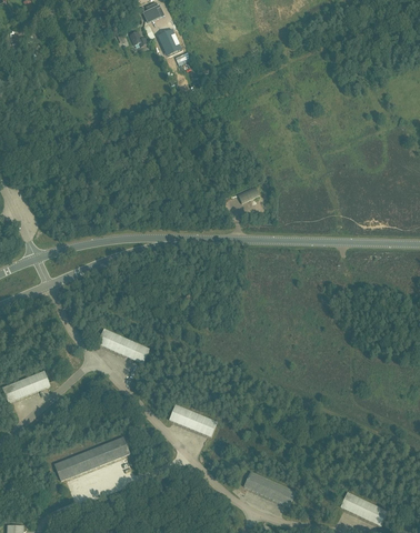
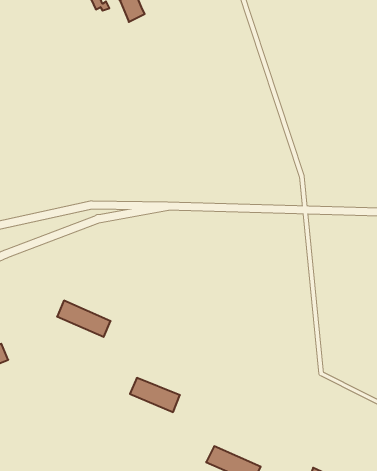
building: [53,435,129,481] -> none

